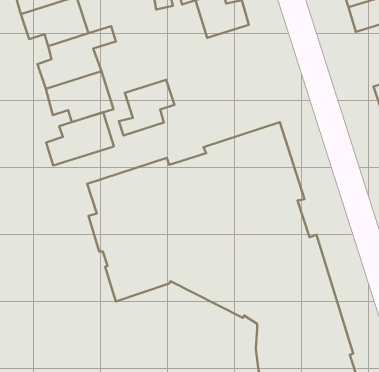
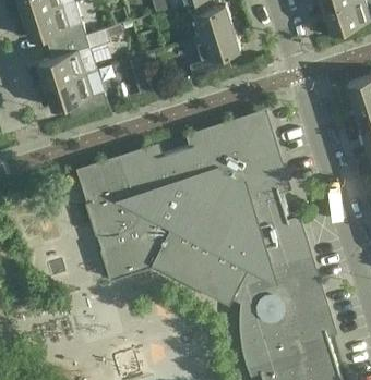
building: [119,80,175,136] -> [189,26,240,77]
building: [46,112,114,166] -> none

